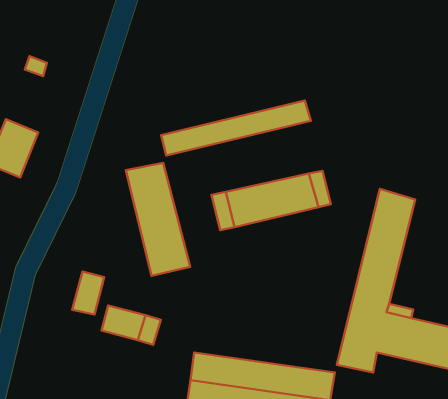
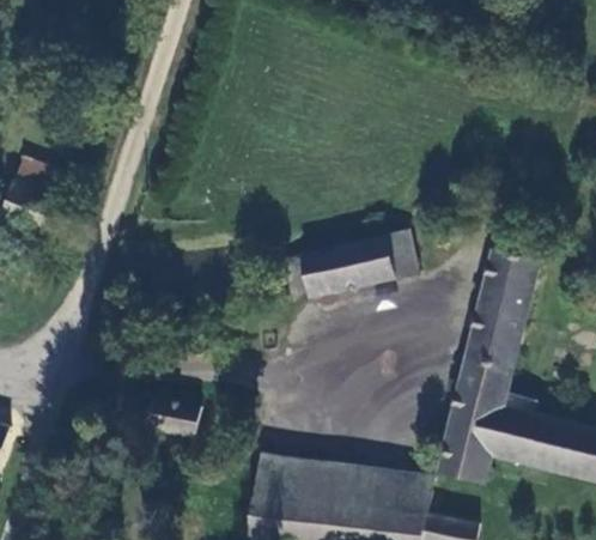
building: [161,101,311,155] -> none
building: [126,163,190,276] -> none
building: [72,272,104,314] -> none

